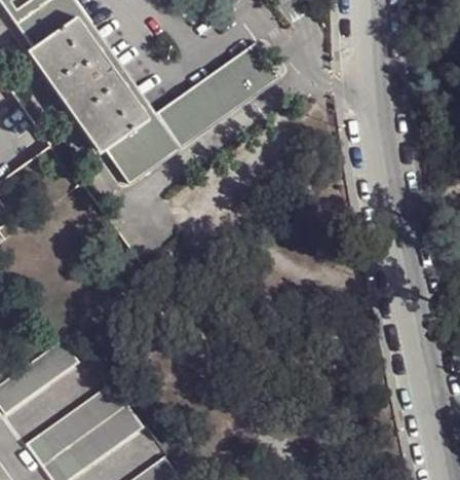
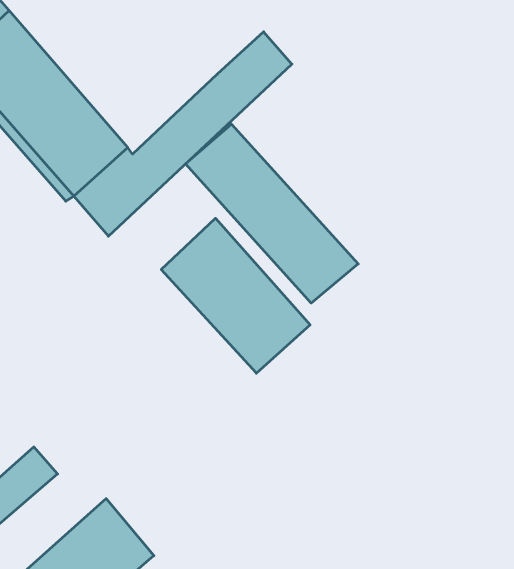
building: none -> [186,124,358,303]
building: none -> [161,218,310,373]

